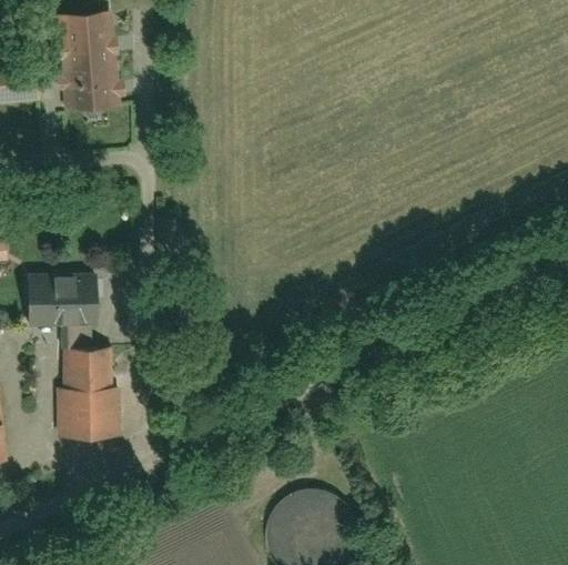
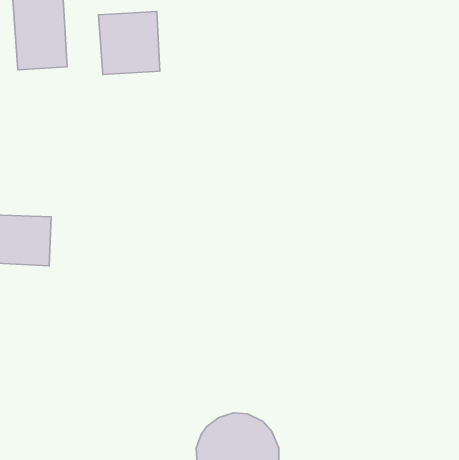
building: none -> [99,11,160,75]
building: [64,349,125,437] -> none

